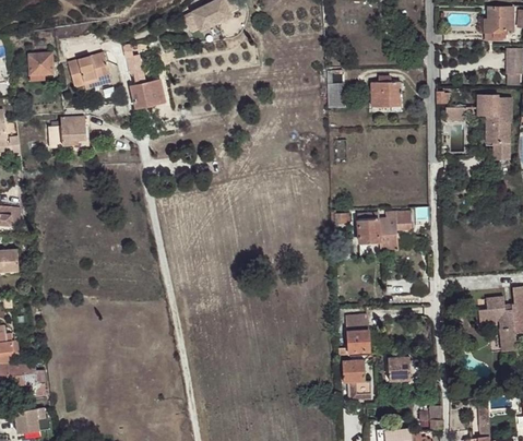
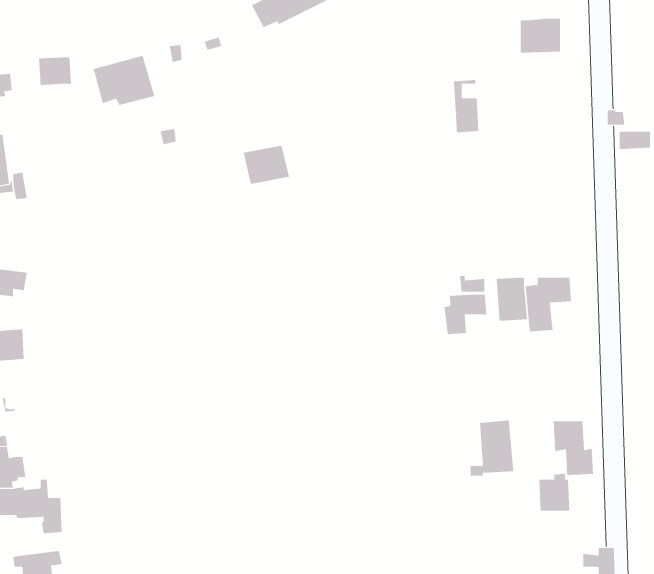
building: [131,80,165,108] -> [243,145,290,185]
building: [371,82,401,107] -> [520,18,561,53]
building: [48,116,86,146] -> none
building: none -> [444,294,487,335]
building: [342,360,371,400] -> [553,421,594,476]

